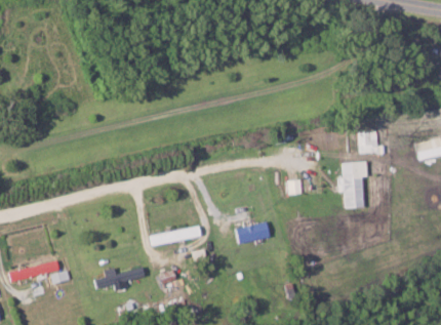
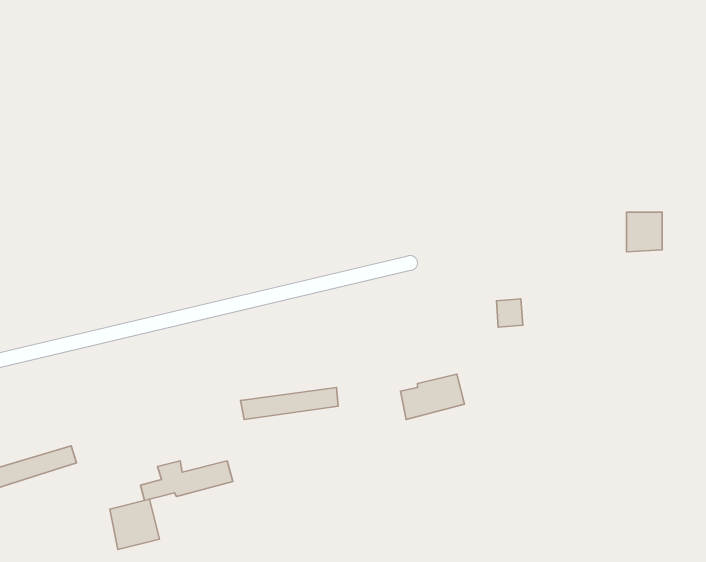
building: [337,162,367,209] -> none
building: none -> [110,499,160,550]

